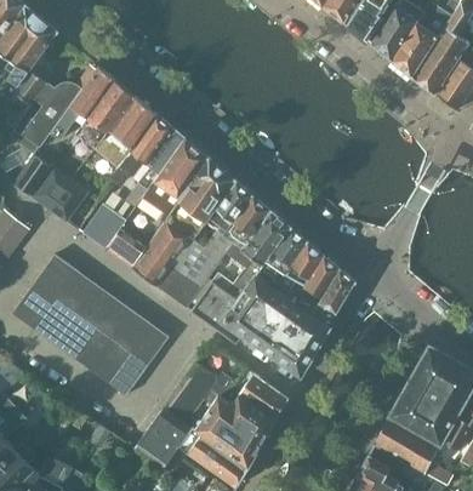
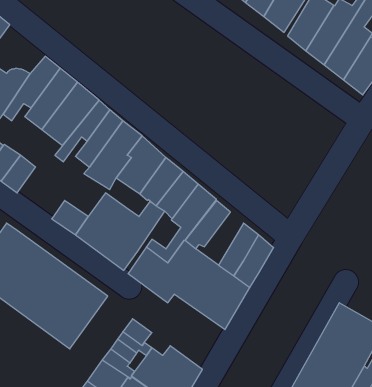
building: [82,204,127,250] -> none
building: [268,242,321,302] -> none
building: [233,370,287,419] -> none

